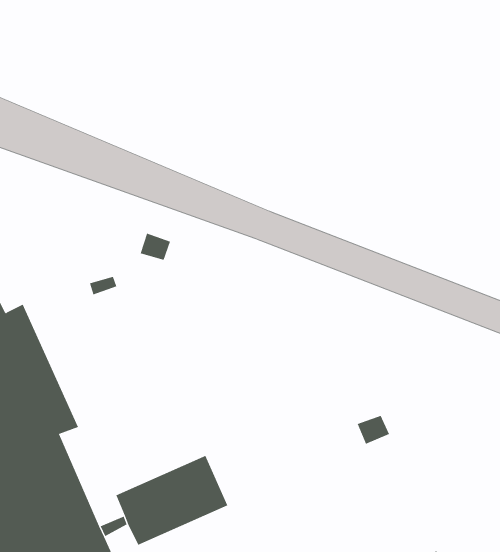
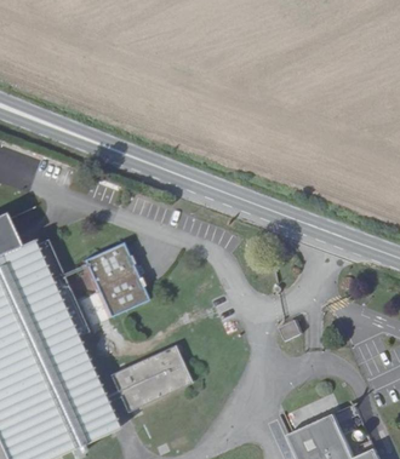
building: none -> [78,240,142,314]

